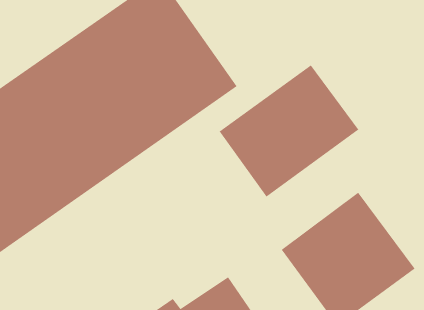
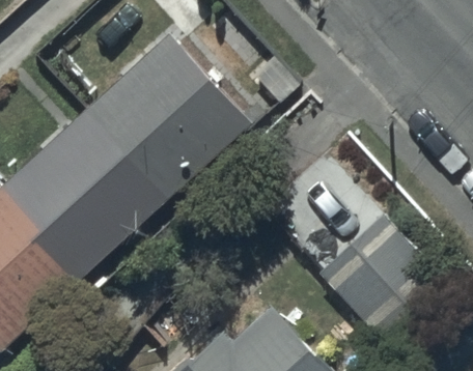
building: [219,64,359,198] -> none

